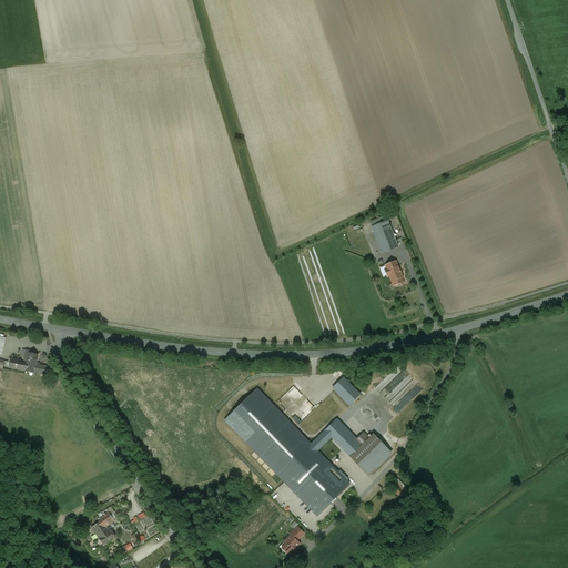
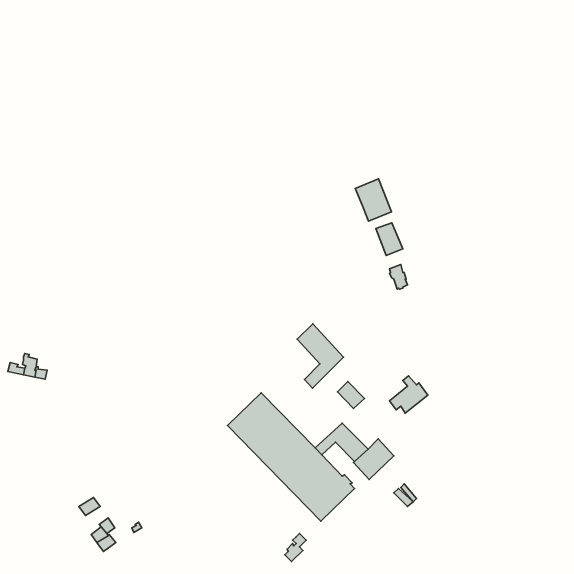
building: none -> [355,179,391,221]
building: none -> [297,324,344,388]

